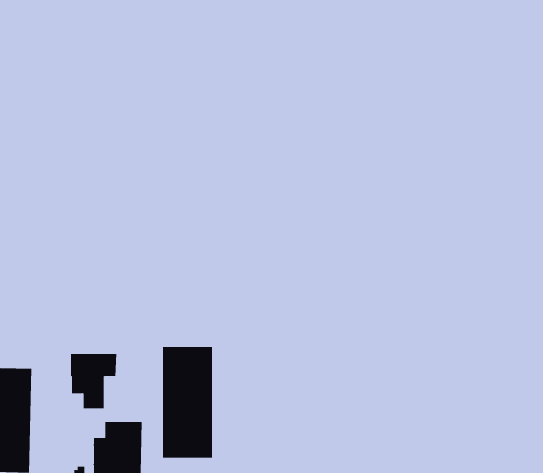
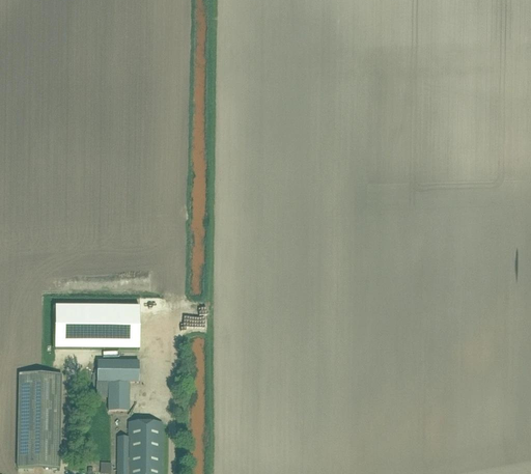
building: none -> [56,304,139,345]
building: [162,346,212,458] -> none

